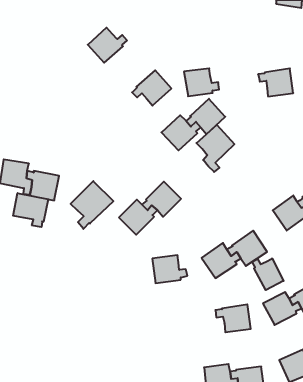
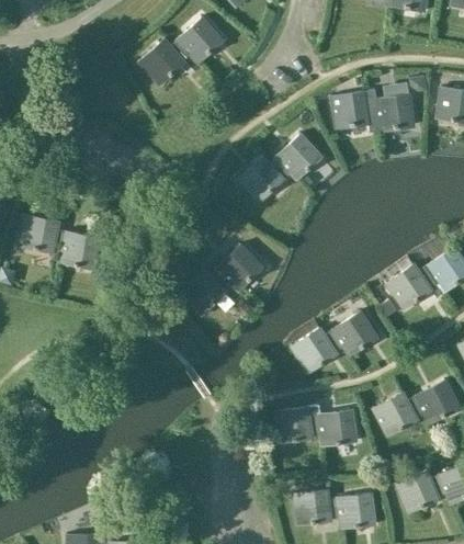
building: [184,68,219,96] -> [331,90,378,127]
building: [132,70,171,106] -> [171,16,224,64]
building: [196,125,234,172] -> none
building: [71,181,113,229] -> none
building: [13,193,48,227] -> none
building: [152,255,187,283] -> [274,406,321,443]
building: [252,258,284,290] -> none

